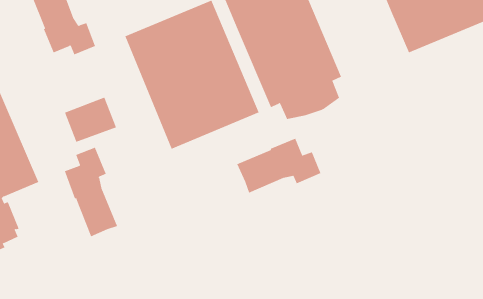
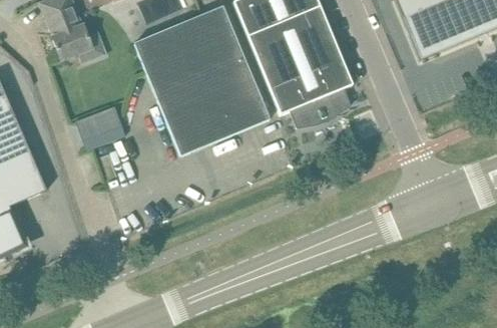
building: [236,138,321,194] -> none
building: [64,147,118,237] -> none

